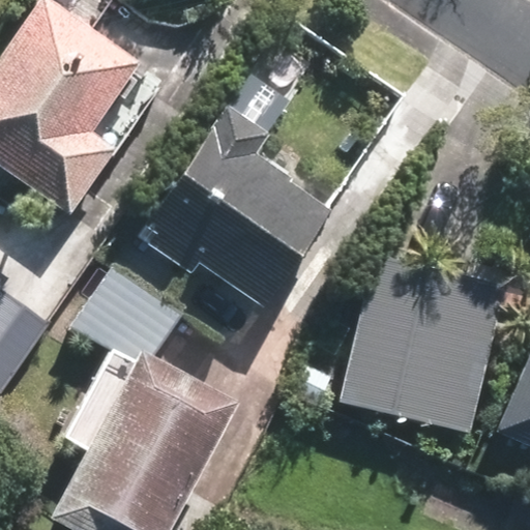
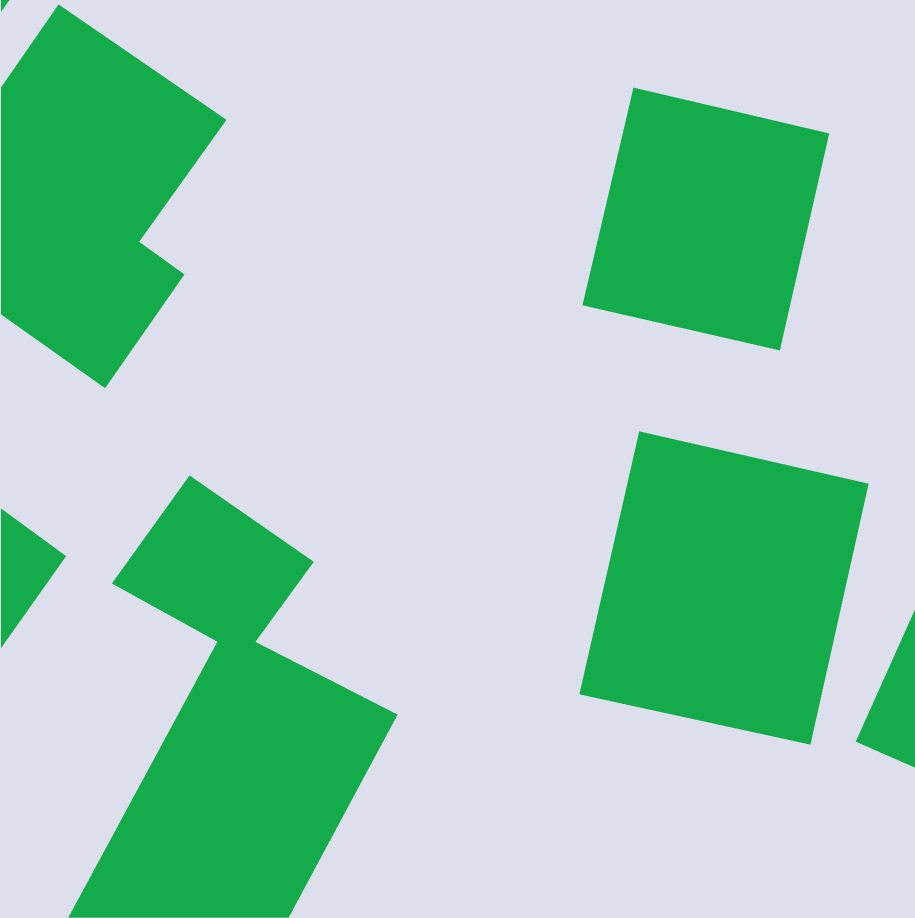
building: none -> [582,87,830,351]
building: [140,110,332,313] -> none

